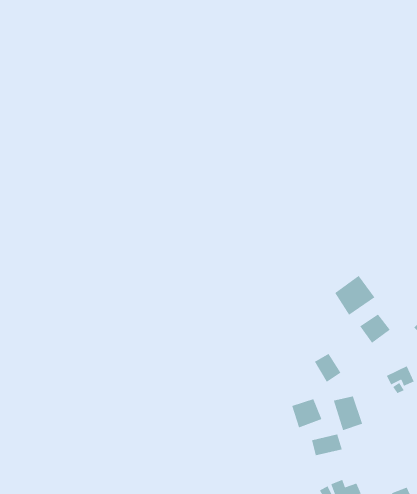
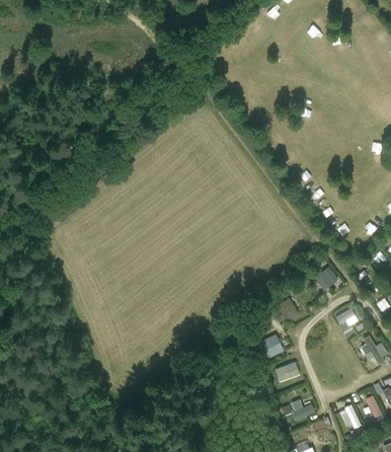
building: [334,275,375,316] -> none
building: [333,395,363,431] -> none

